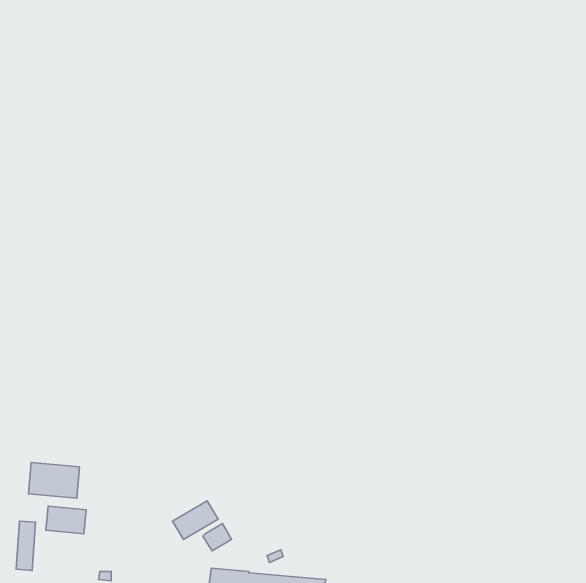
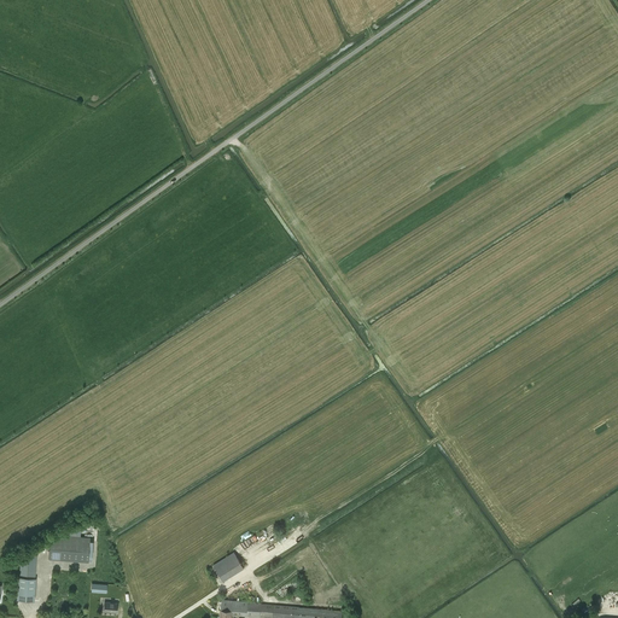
building: [28,463,79,498] -> none
building: [173,501,218,539] -> none

